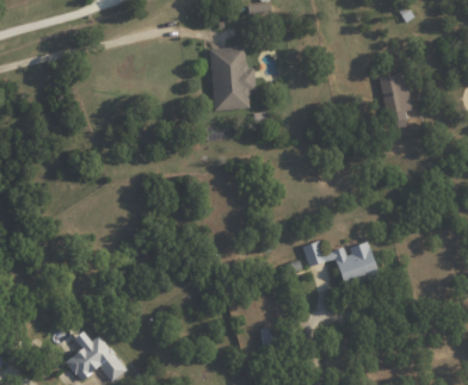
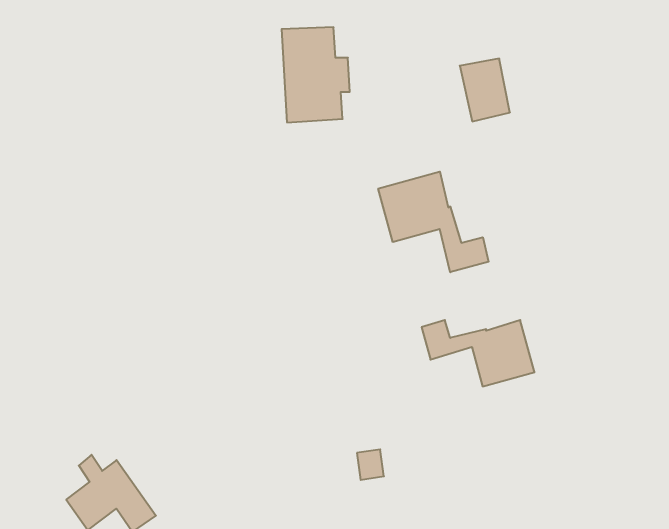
building: [377,73,411,114] -> [460,59,510,121]
building: none -> [378,172,489,272]

